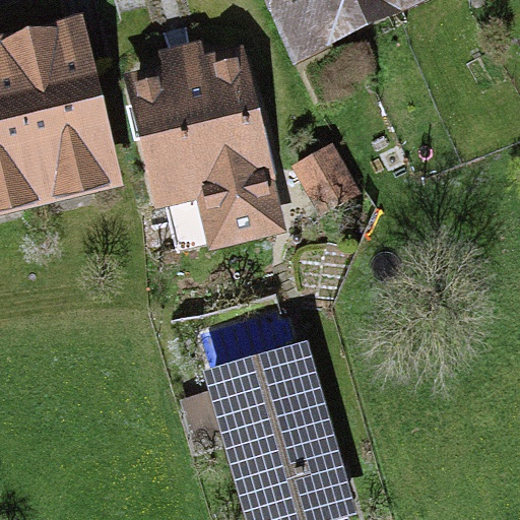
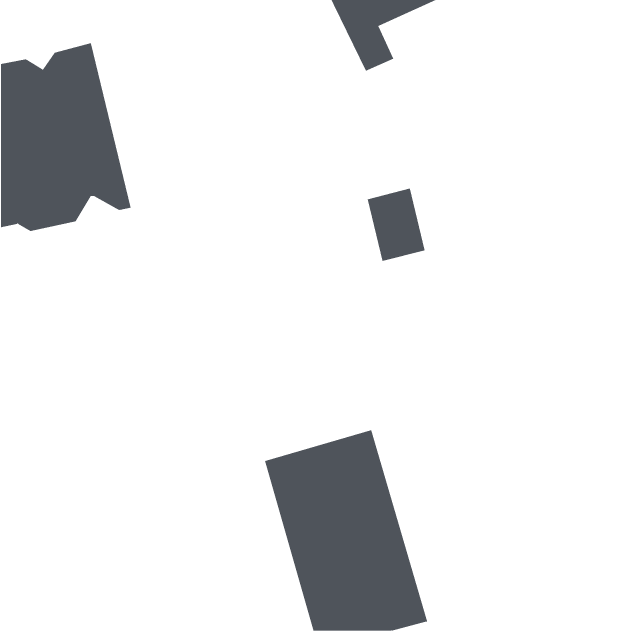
building: [139,50,277,244] -> none

